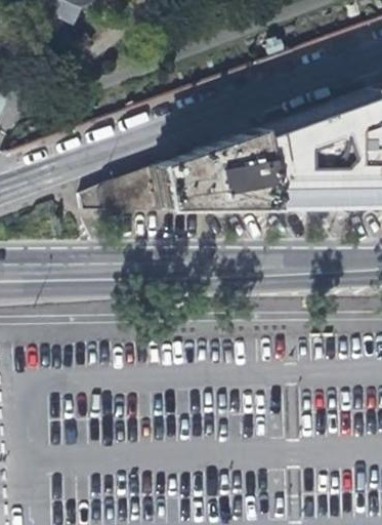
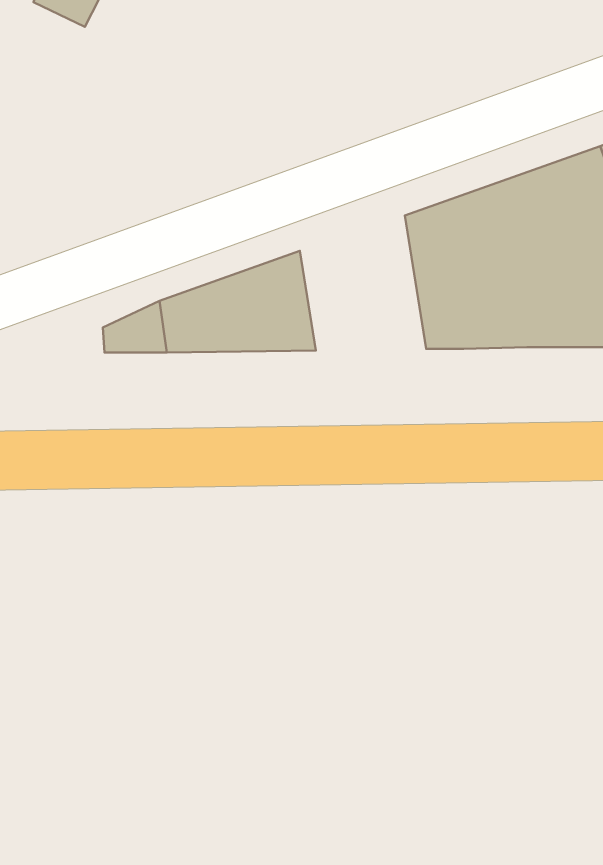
building: [199,129,271,207] -> none

